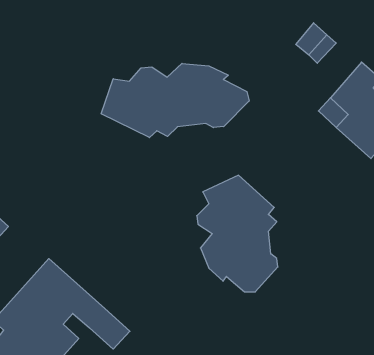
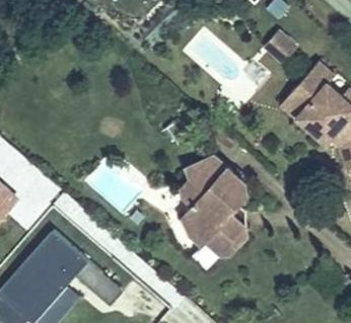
building: [101,63,249,138] -> none

